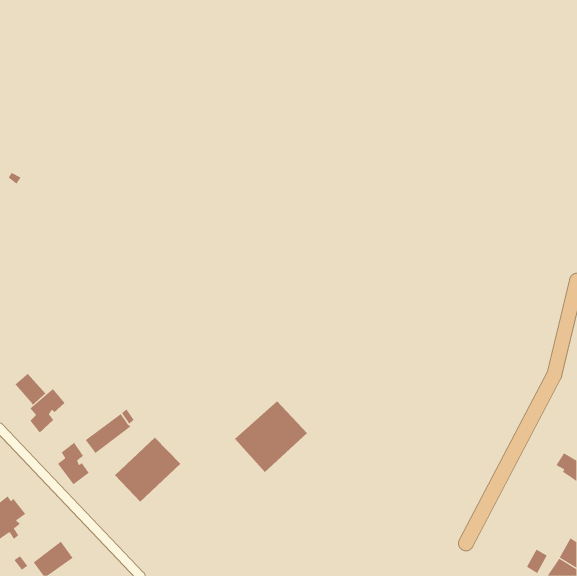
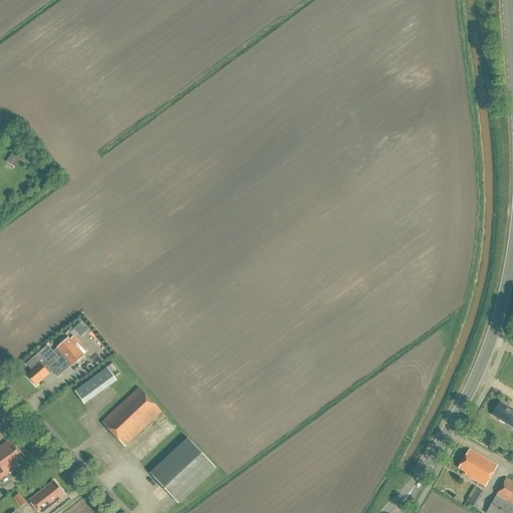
building: [14,373,46,406] -> [55,337,83,366]
building: [234,400,308,473] -> [149,438,214,502]
building: [57,442,89,485] -> none
building: none -> [458,448,496,485]

